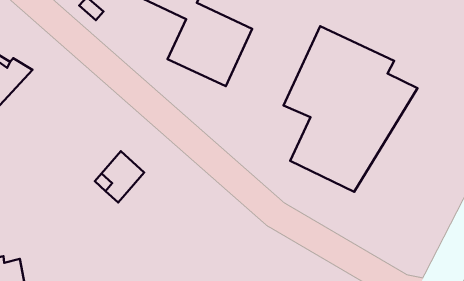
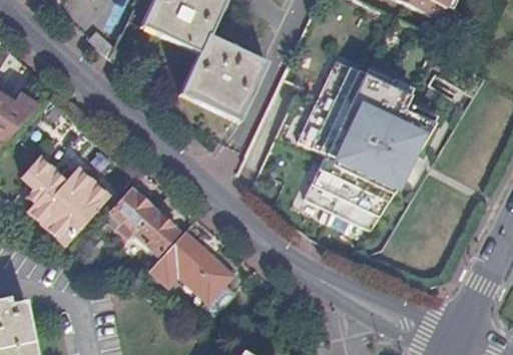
building: none -> [24,155,109,241]
building: none -> [135,210,179,254]
building: none -> [152,233,232,312]

